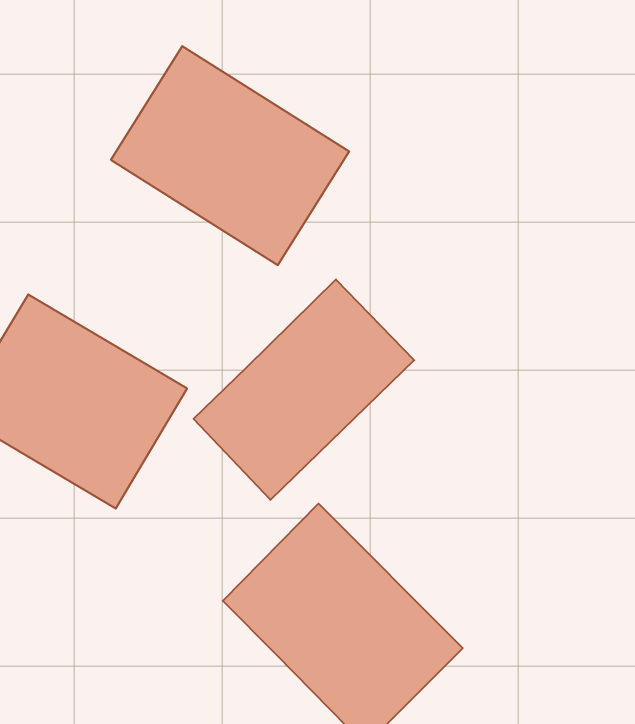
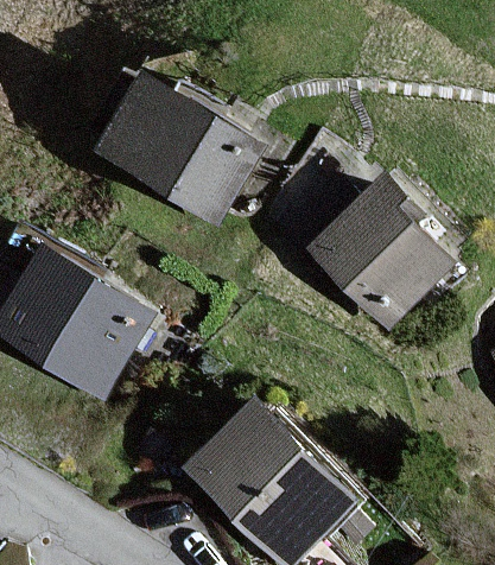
building: none -> [310,167,464,329]
building: [194,279,414,500] -> none

